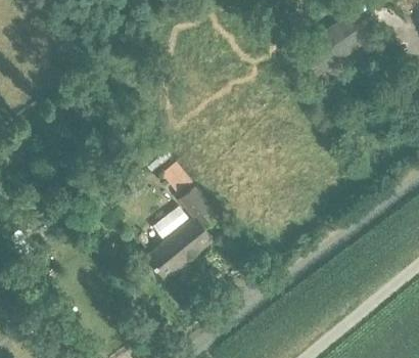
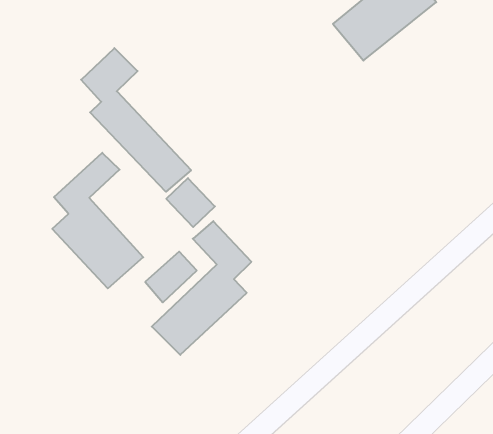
building: none -> [81,48,191,192]
building: none -> [52,153,143,288]

